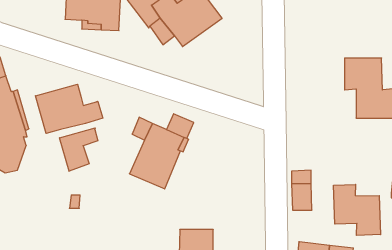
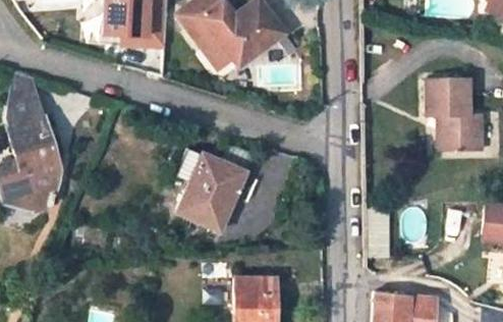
building: [35,84,103,133] -> none
building: [60,128,98,171] -> none
building: [334,184,381,235] -> none

